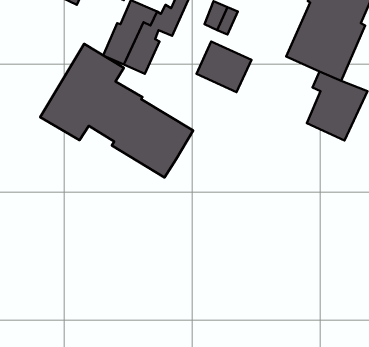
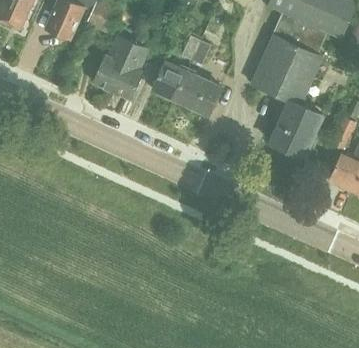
building: none -> [152,61,187,99]
building: [40,44,193,178] -> none

